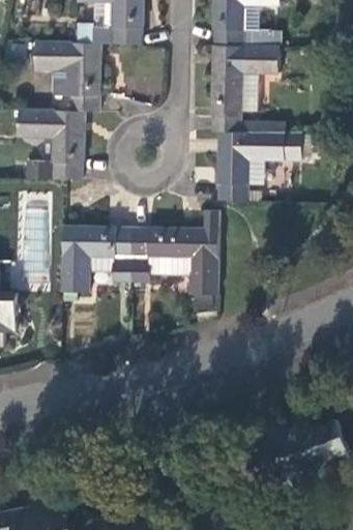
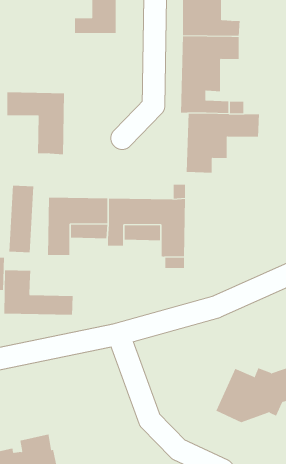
building: [35,42,100,110] -> none
building: none -> [4,270,73,315]

